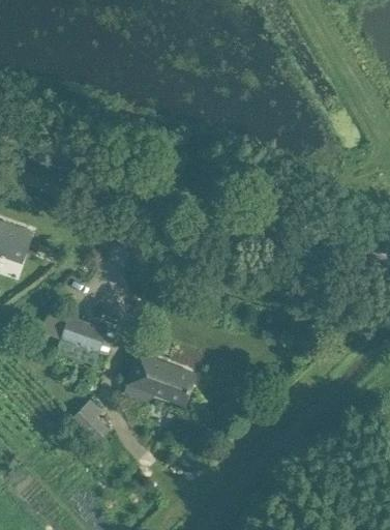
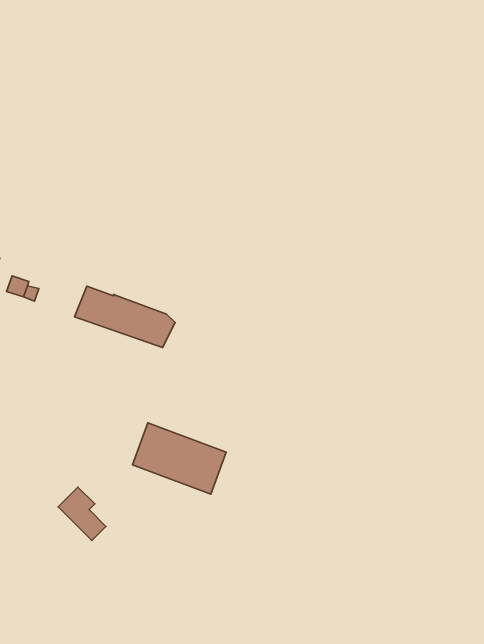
building: [40,311,115,356] -> [74,286,175,348]

